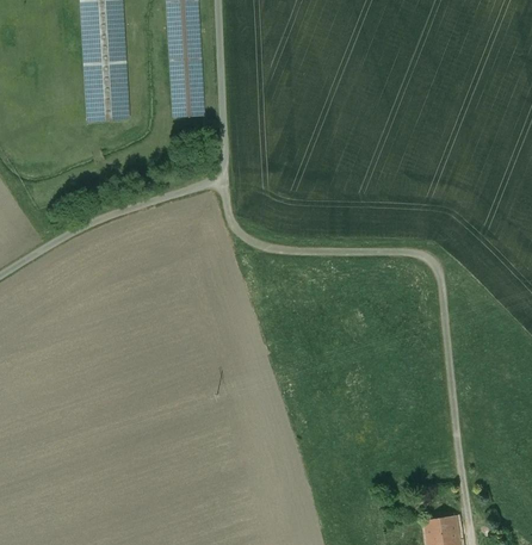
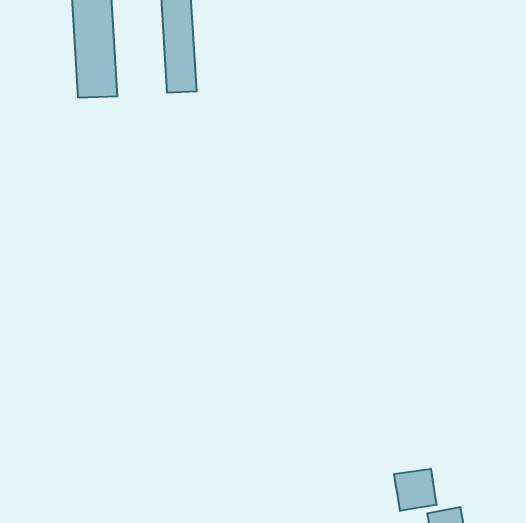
building: none -> [394,469,437,511]

